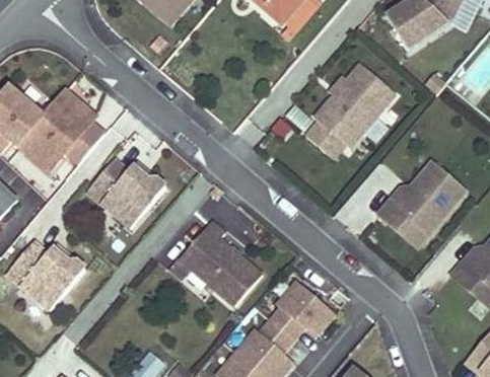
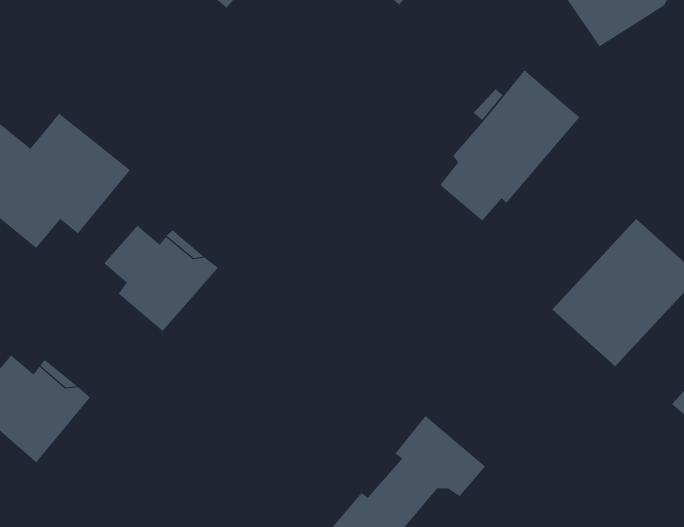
building: [178,215,260,308] -> none

